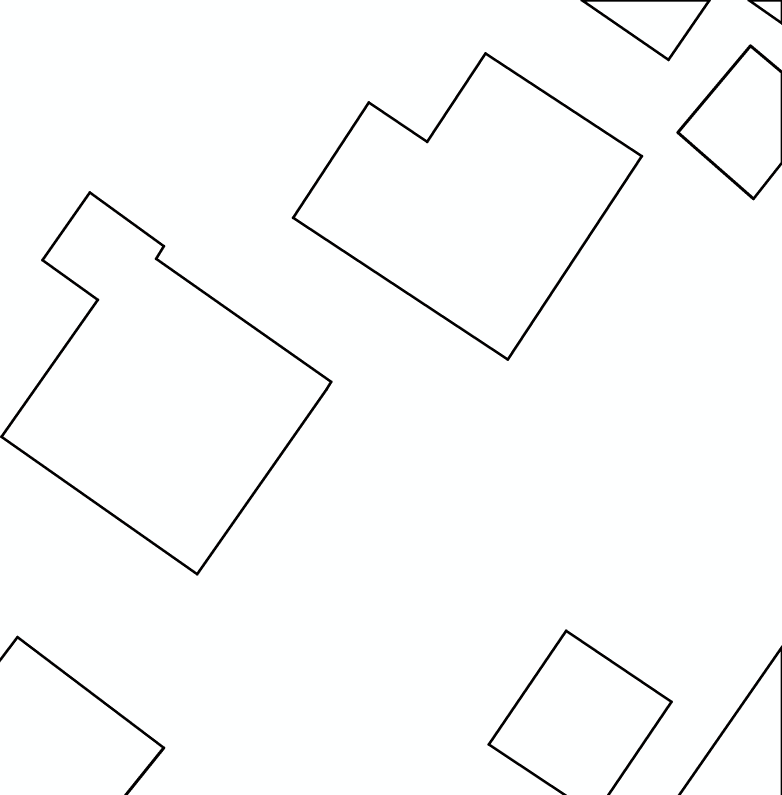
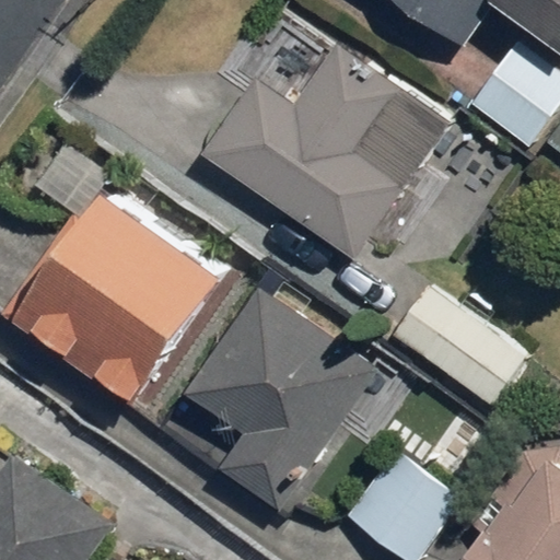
building: none -> [386,282,526,409]
building: none -> [190,289,375,508]

